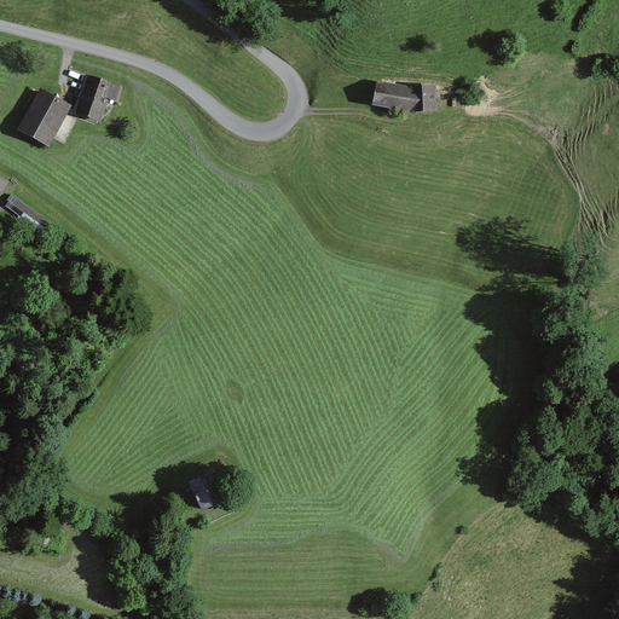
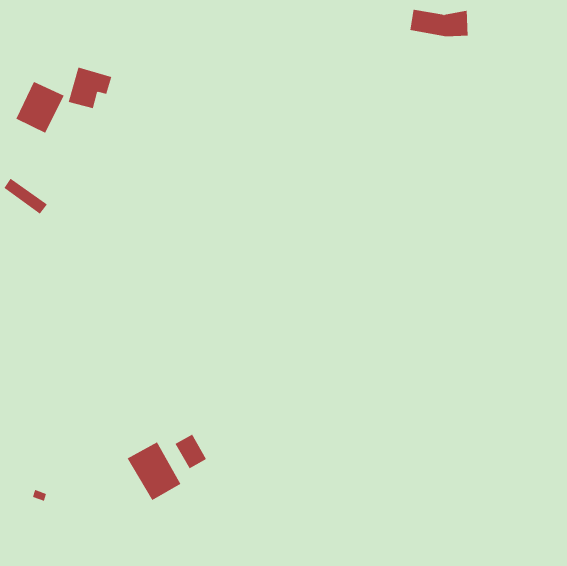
building: [374,82,438,112] -> [410,9,468,37]
building: none -> [127,441,181,501]

